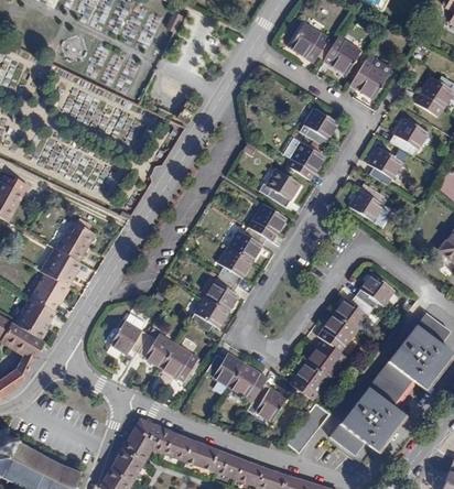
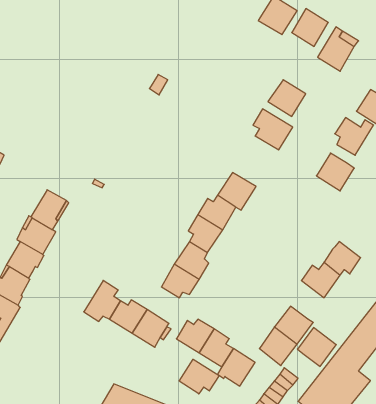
building: [259,167,300,206] -> none
building: [316,313,356,352] -> [297,328,336,366]
building: none -> [179,359,219,394]

